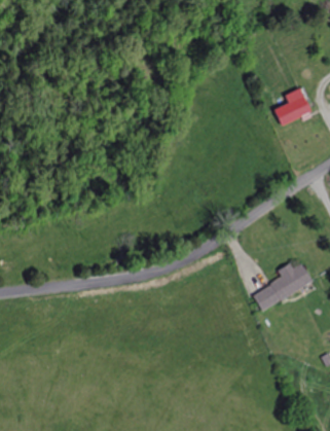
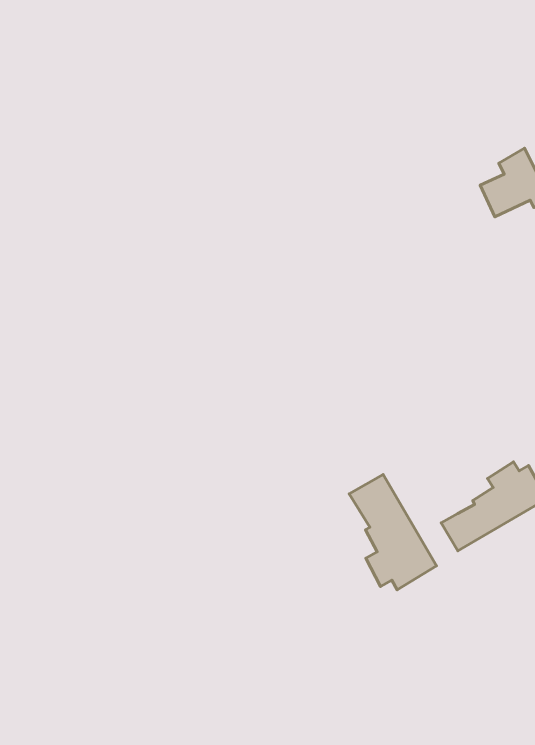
building: none -> [349,474,436,590]

